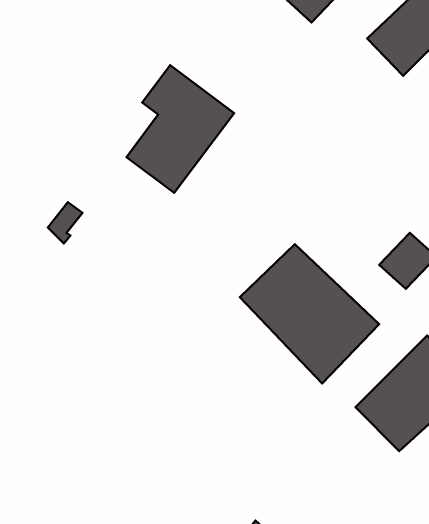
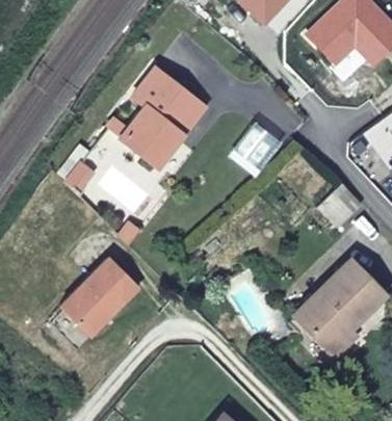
building: [240,244,379,383] -> none
building: none -> [59,260,136,337]

